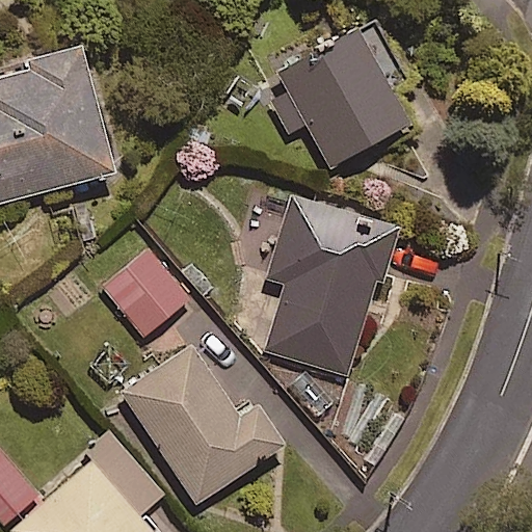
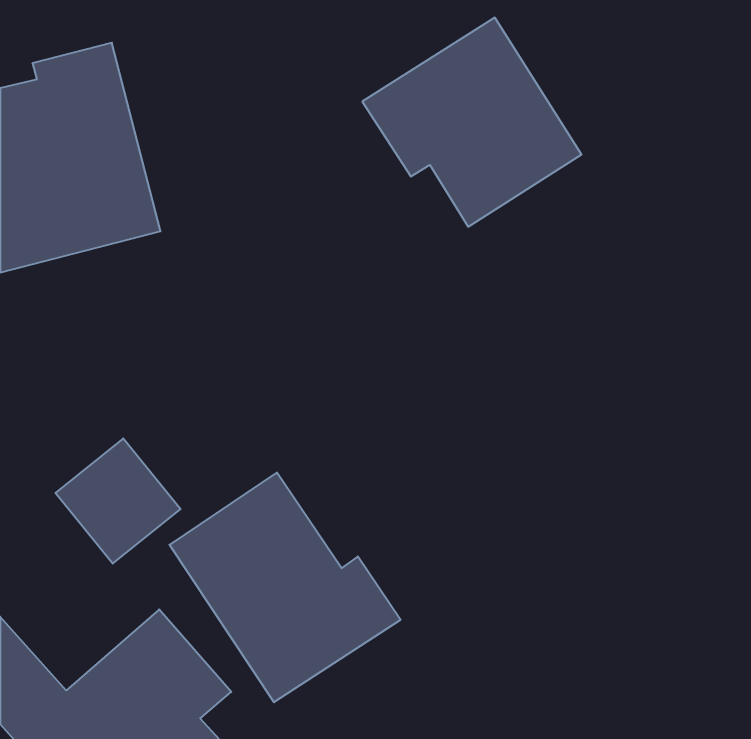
building: [267,196,396,376] -> none
building: [102,250,190,339] -> [55,438,181,564]

